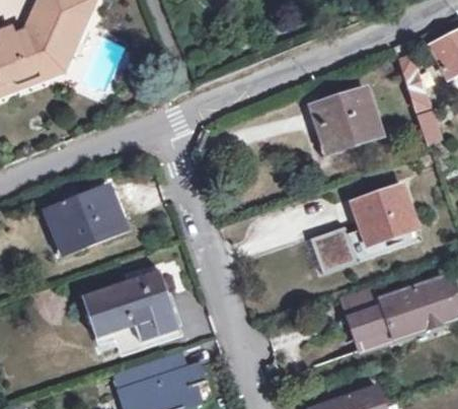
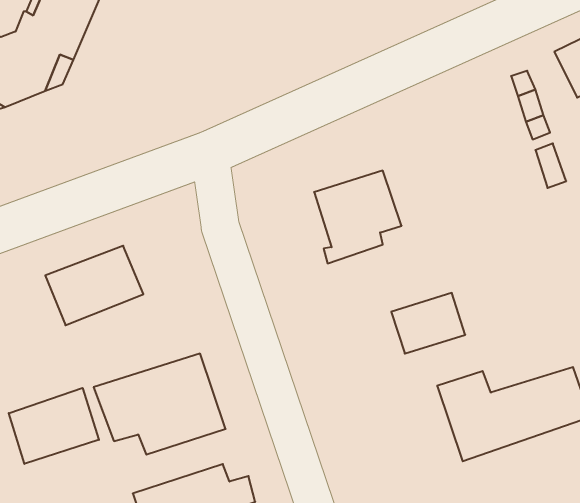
building: [313,88,379,158] -> [314,171,402,263]
building: [354,186,417,243] -> none
building: none -> [9,388,99,464]

